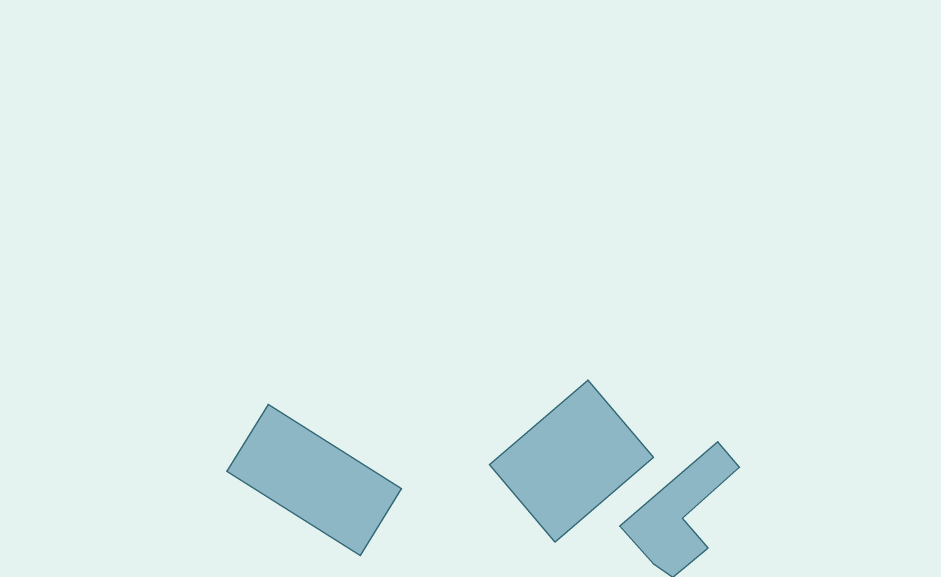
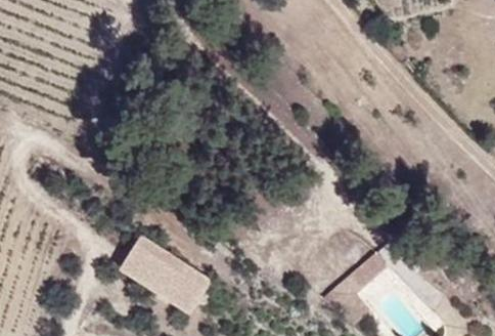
building: [489,380,653,542] -> none

